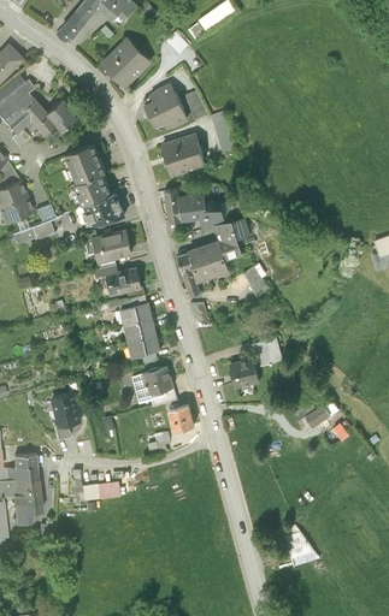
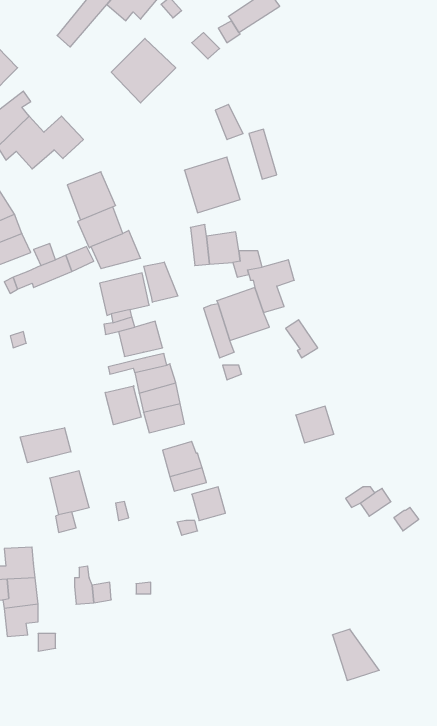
building: [142,81,189,129] -> none
building: none -> [144,262,178,302]
building: none -> [105,386,141,425]
building: none -> [20,428,71,463]
building: [228,359,260,390] -> none

